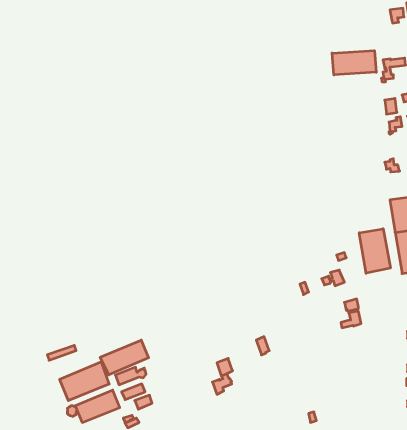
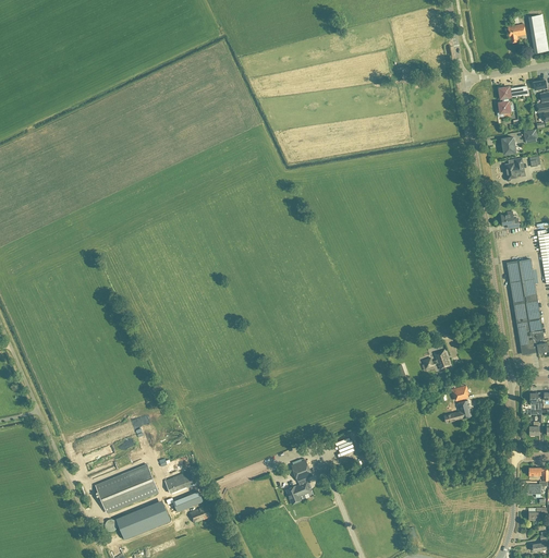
building: [332,51,376,75] -> none
building: [359,229,390,273] -> none
building: [100,340,149,375] -> none

